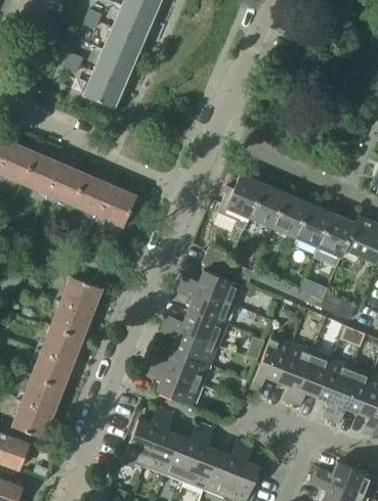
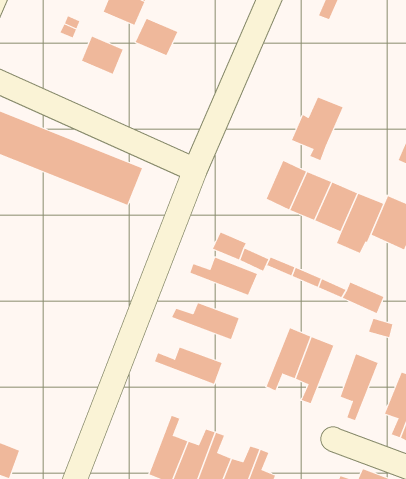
building: [94,51,133,85] -> [135,18,178,56]
building: [219,175,266,232] -> [291,97,344,161]
building: [16,273,101,439] -> none
building: [178,285,236,326] -> none
building: [163,325,220,366] -> none
building: [292,351,332,407] -> none
building: [148,365,205,407] -> none
building: [332,366,373,422] -> none
building: [123,409,166,466] -> none

